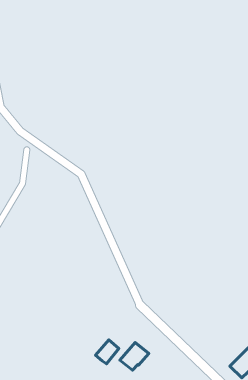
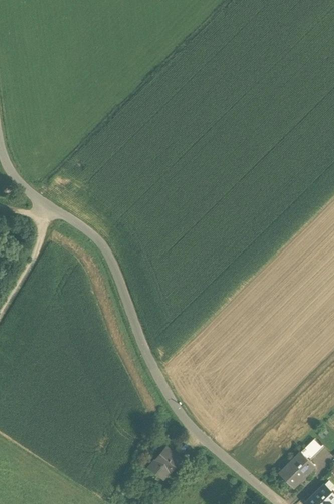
building: [96,340,119,364] -> none

